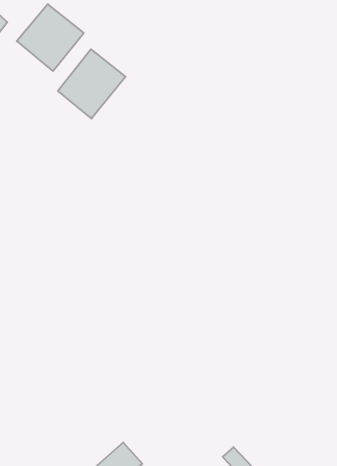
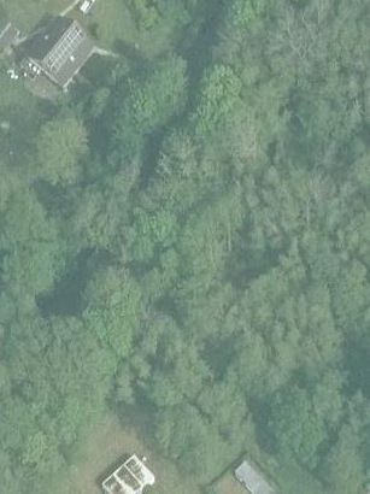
building: [58,49,126,119] -> none

